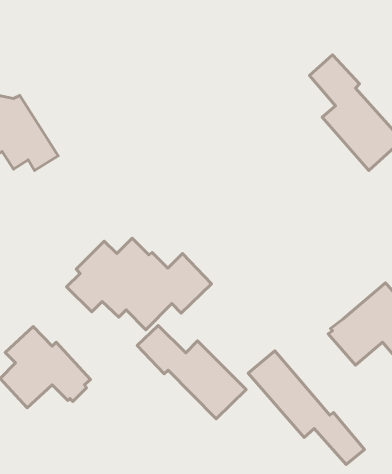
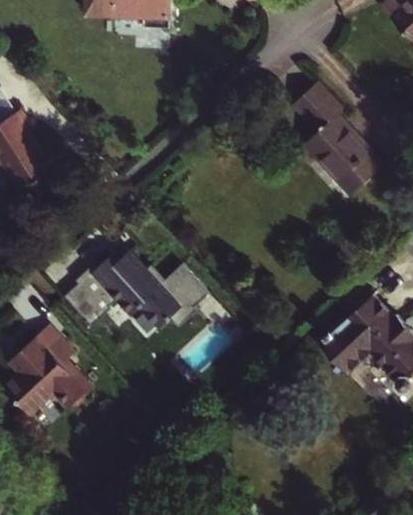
building: [137,325,246,419] -> none
building: [248,351,364,465] -> none

